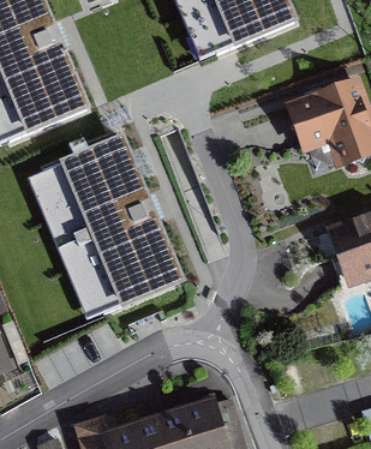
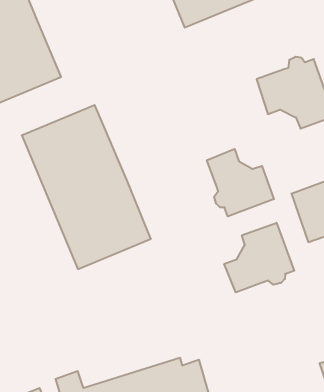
building: none -> [207,149,274,216]
building: none -> [224,223,294,292]

